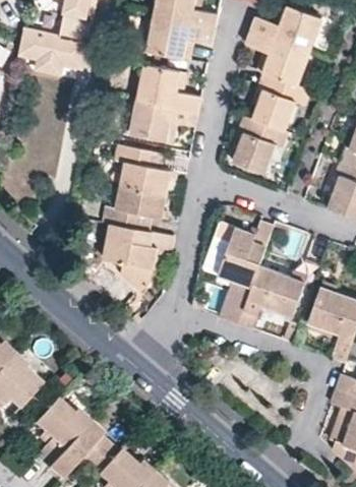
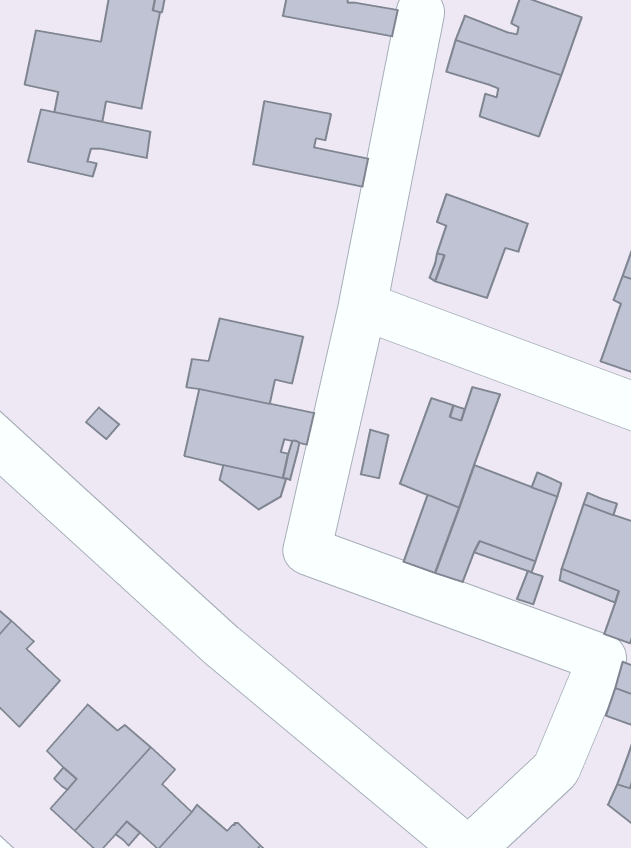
building: [150,17,217,59] -> none
building: [254,72,310,130] -> none
building: [133,99,200,135] -> [28,110,151,176]
building: [118,136,172,193] -> none

